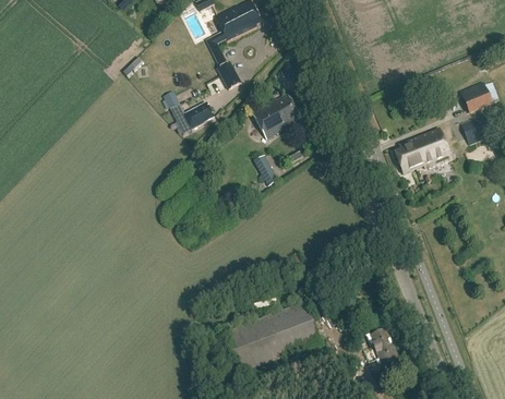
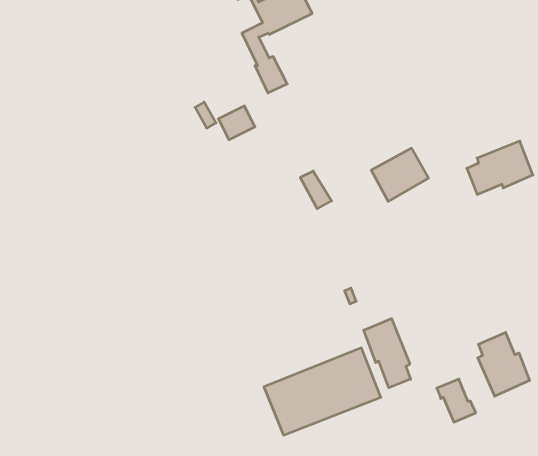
building: [253,92,301,136] -> [371,148,428,201]
building: none -> [364,319,411,388]
building: none -> [478,332,530,396]

